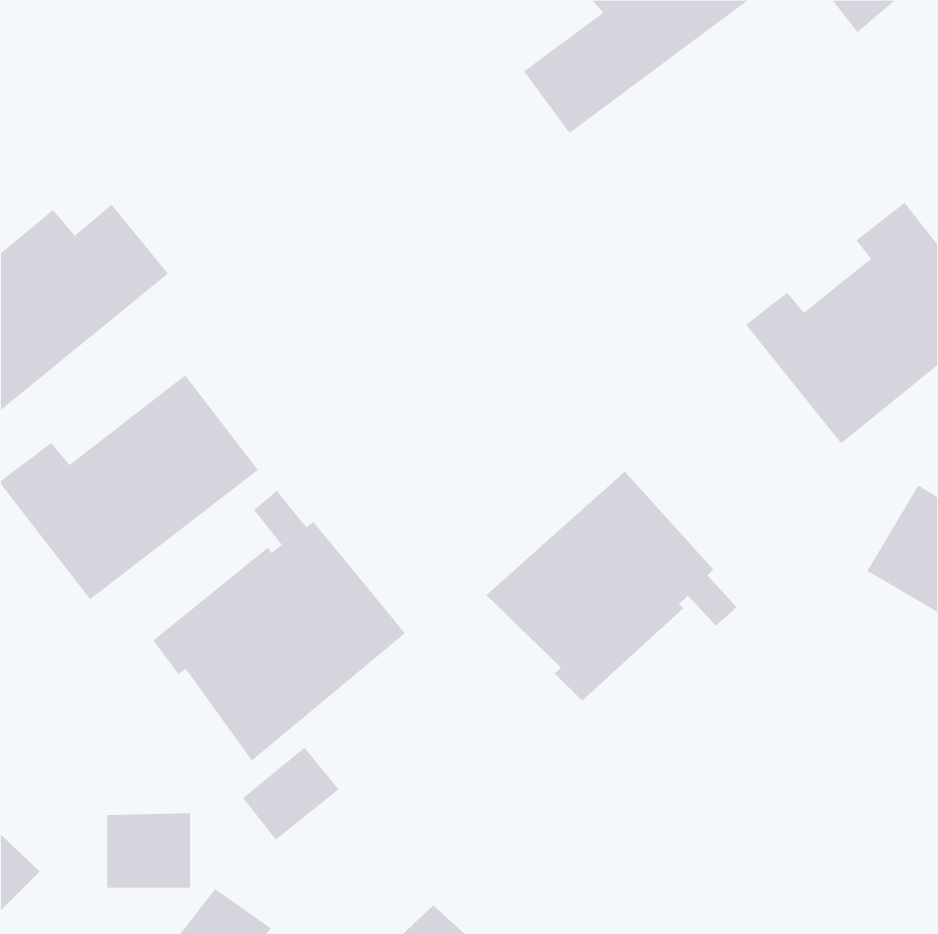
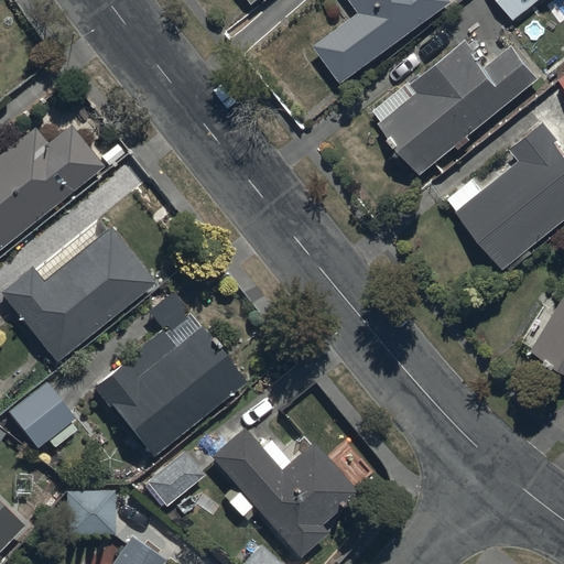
building: none -> [373,40,540,174]
building: [485,471,738,702] -> none
building: none -> [6,380,78,452]
building: none -> [209,427,358,557]

